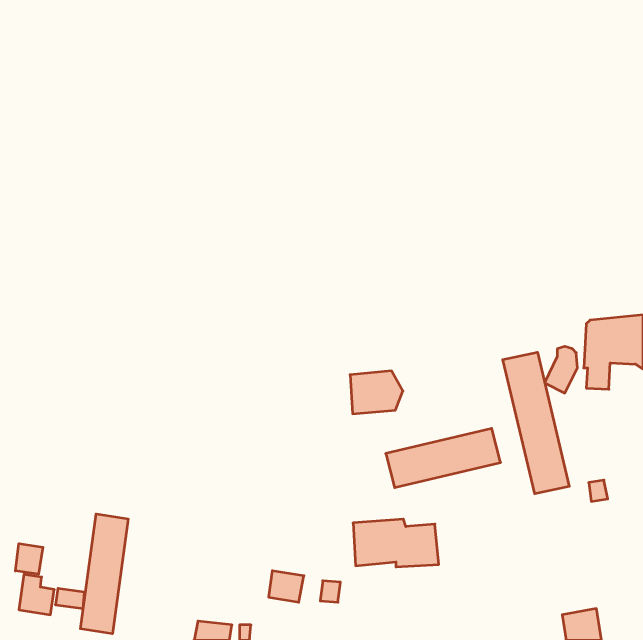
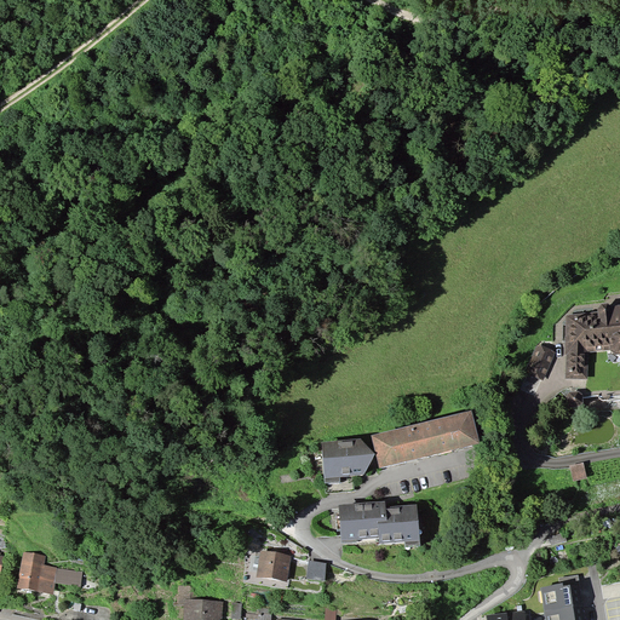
building: [503,352,569,494] -> none
building: [350,371,403,414] -> [323,437,374,478]
building: [80,514,128,634] -> none
building: [15,544,43,574] -> none

